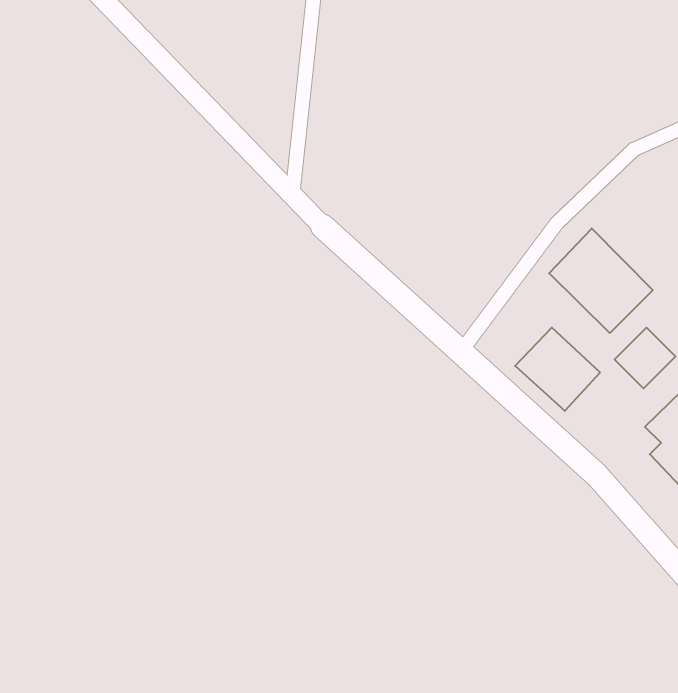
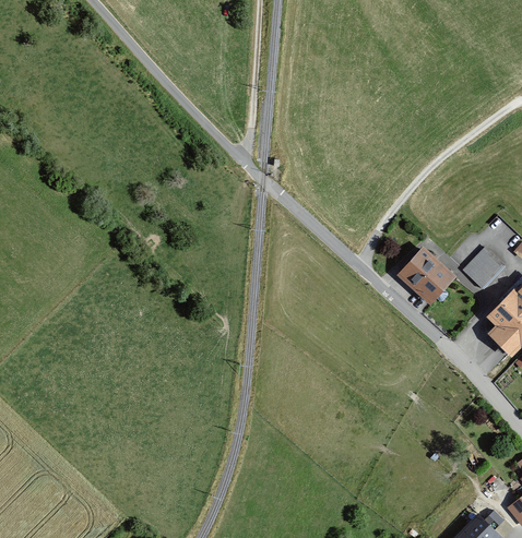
building: [549,228,653,333] -> none

